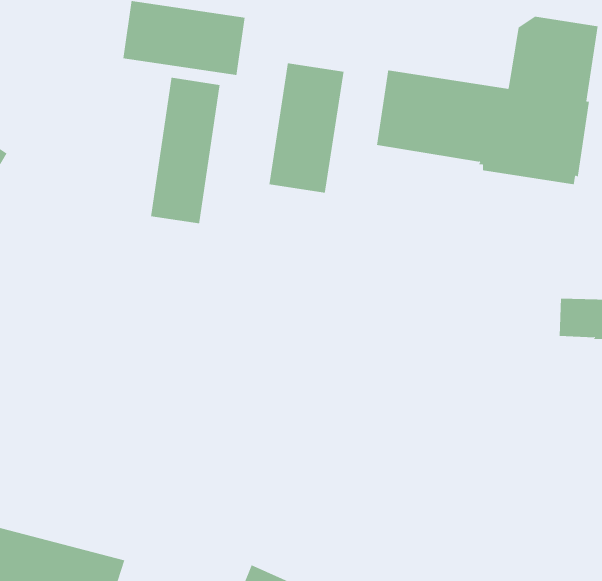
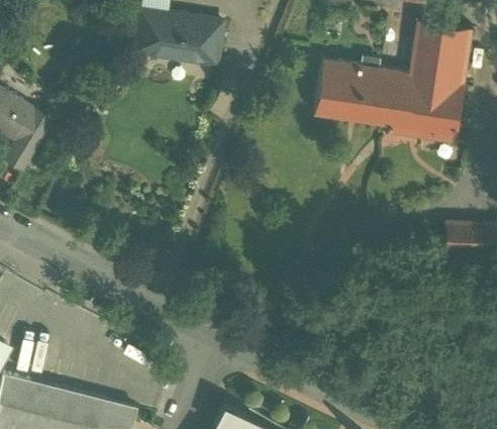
building: [269,62,344,194] -> none
building: [151,77,220,224] -> none

